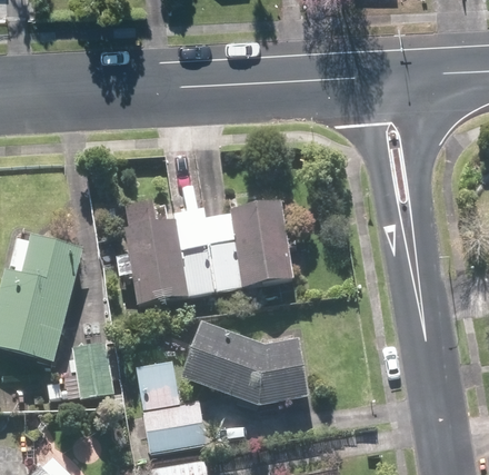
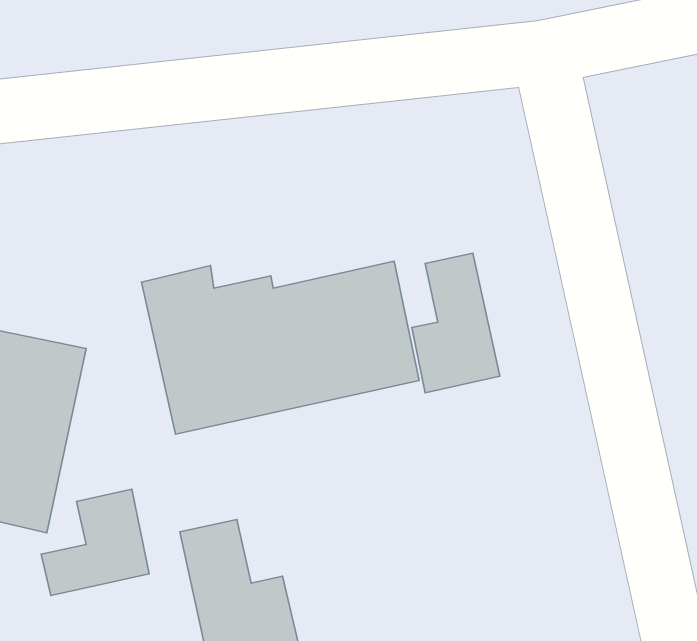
building: none -> [412,253,500,393]
building: [182,320,311,408] -> none

